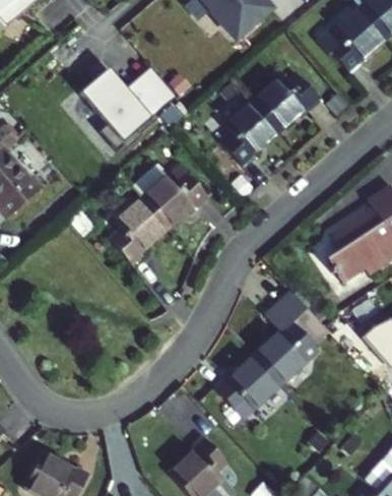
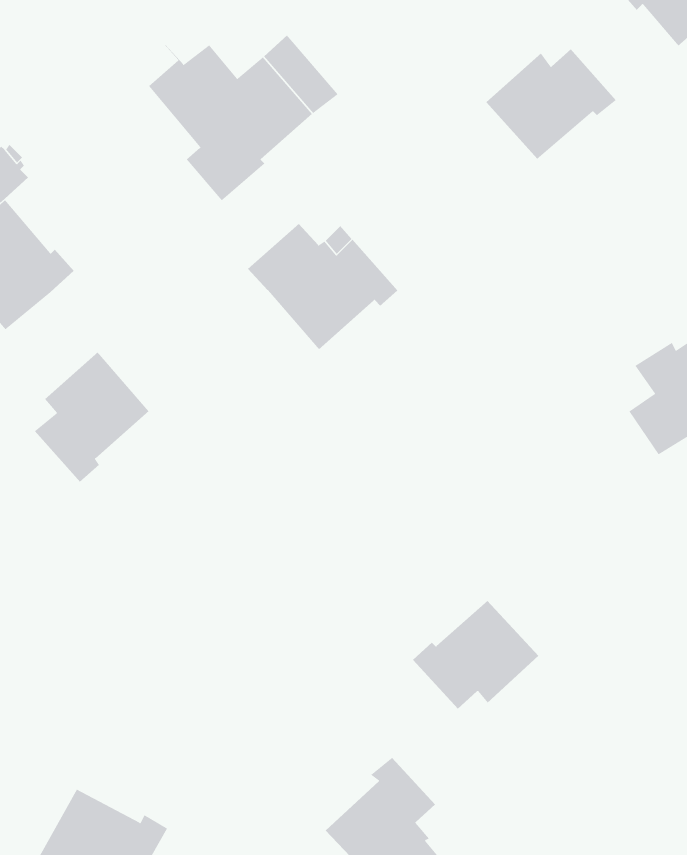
building: [219,101,278,166] -> none
building: [108,197,167,264] -> [34,352,149,483]
building: [253,287,327,384] -> none

